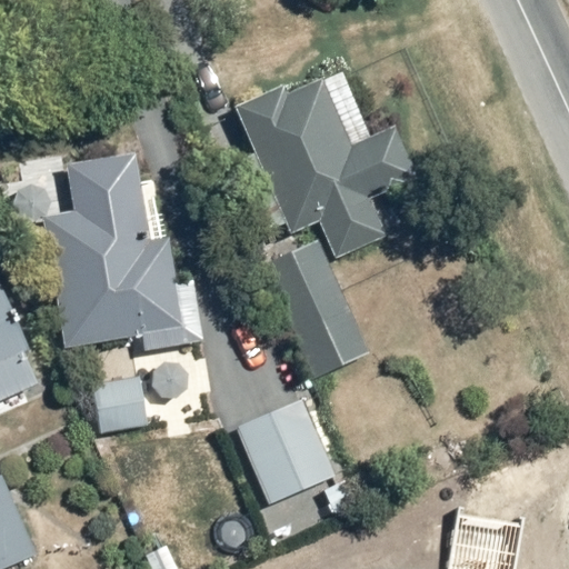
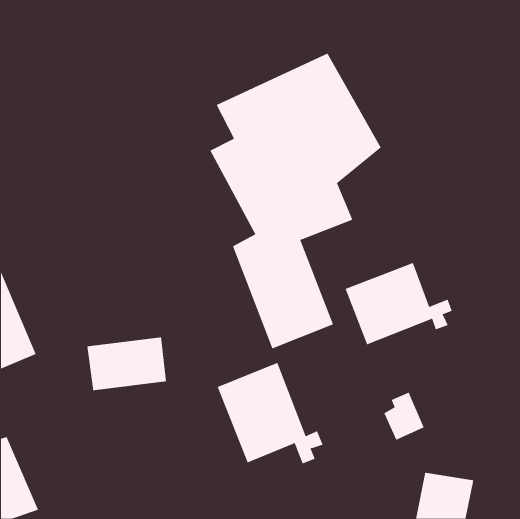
building: [40,151,202,352] -> none
building: none -> [345,262,453,345]

